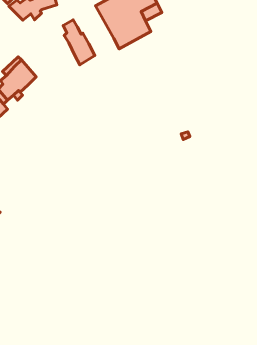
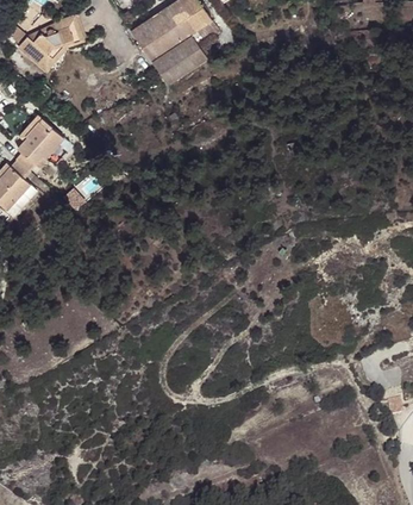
building: [63,20,95,65] -> none

